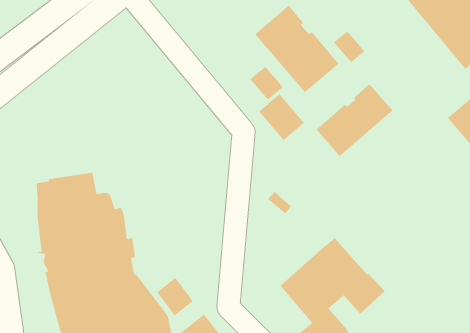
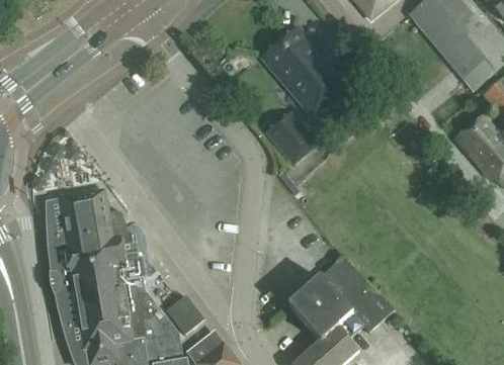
building: [333,30,366,63] -> none
building: [249,66,284,101] -> none
building: [316,83,394,157] -> none

